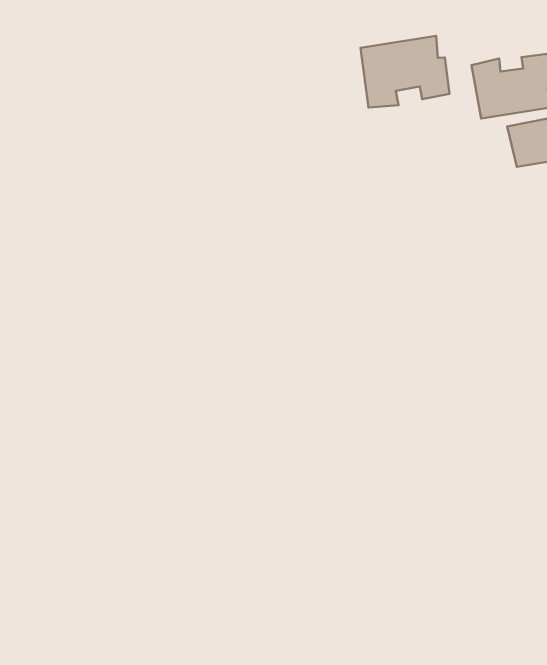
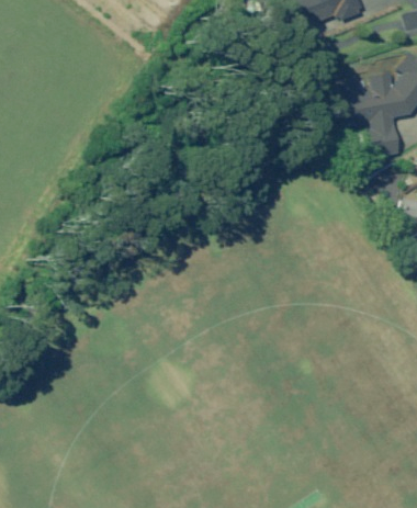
building: [360,36,449,107] -> none

